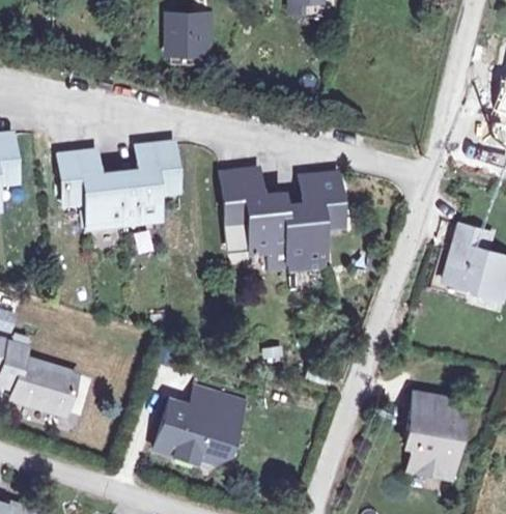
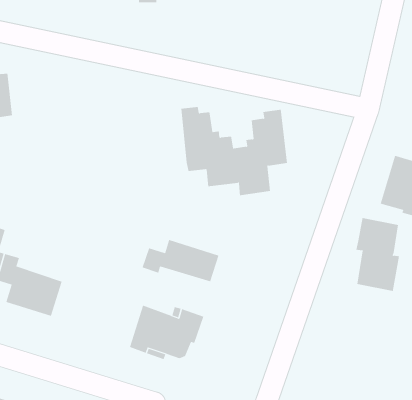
building: [55,142,175,227] -> none
building: none -> [142,239,219,282]
building: [412,395,462,480] -> [356,217,400,291]

